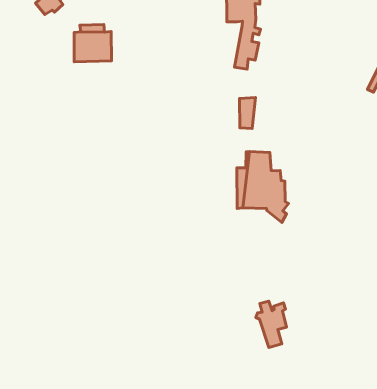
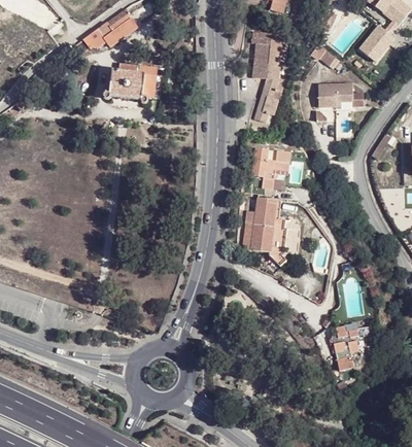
building: none -> [321,82,356,105]
building: none -> [261,150,290,190]
building: [256,301,287,348] -> [324,326,352,369]

